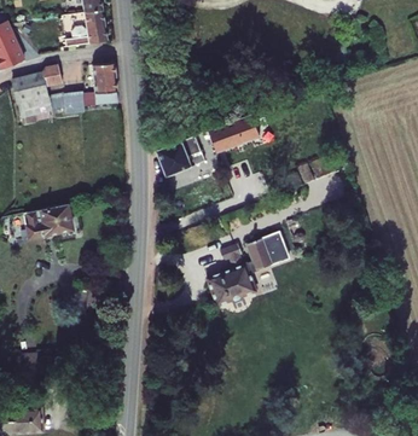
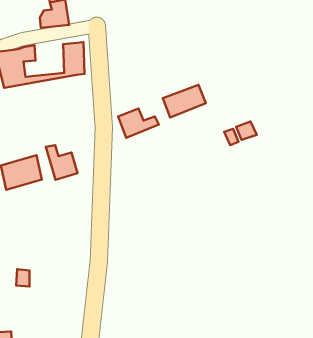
building: none -> [46,145,78,180]
building: [214,226,300,300] -> none

